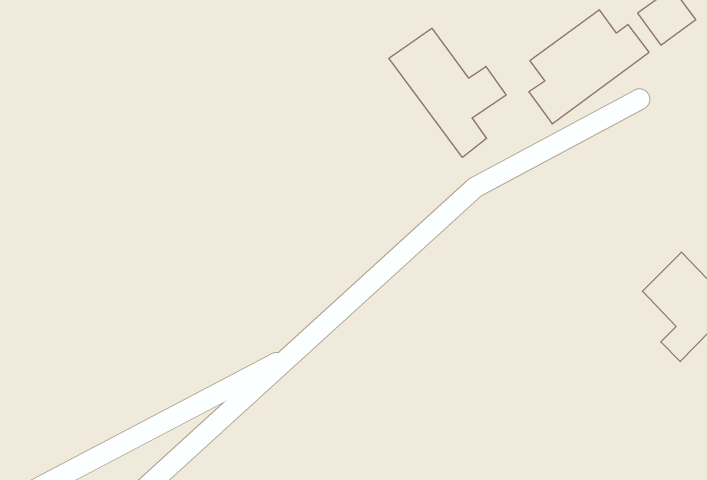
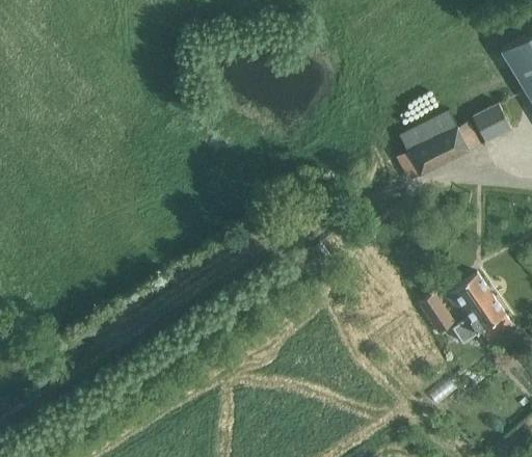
building: [389,28,506,157] -> none
building: none -> [421,293,455,332]

